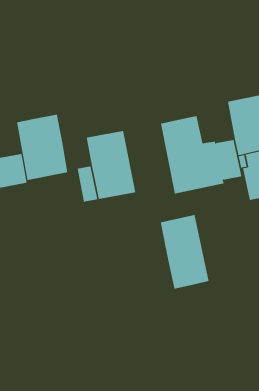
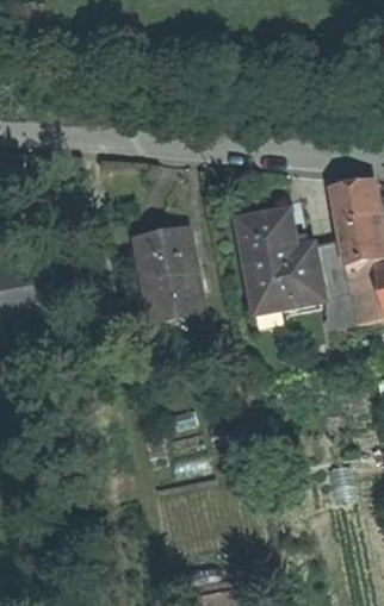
building: [16,114,68,181] -> none
building: [160,214,209,289] -> none

